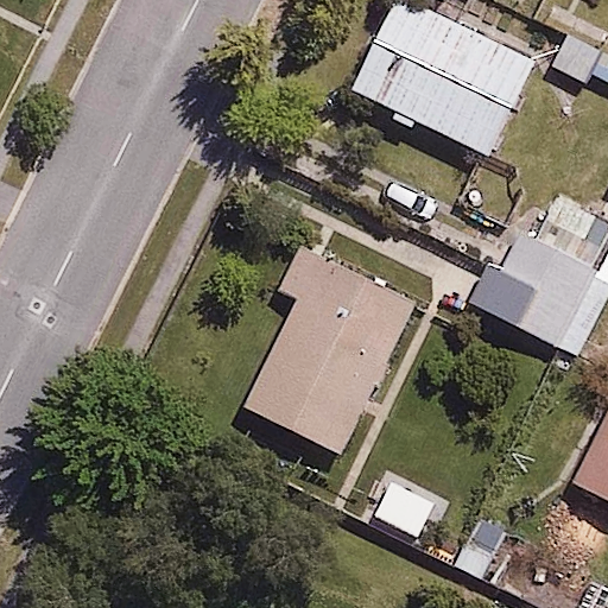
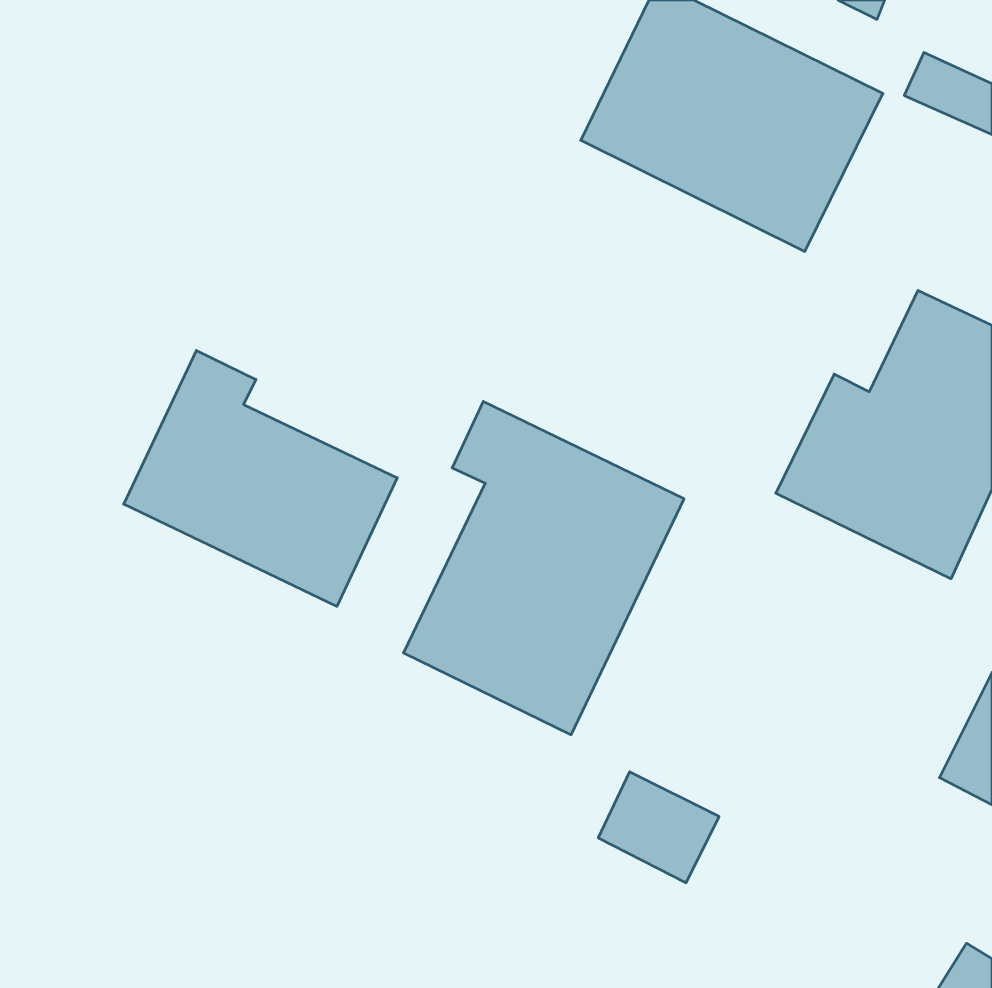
building: none -> [124,350,397,606]

